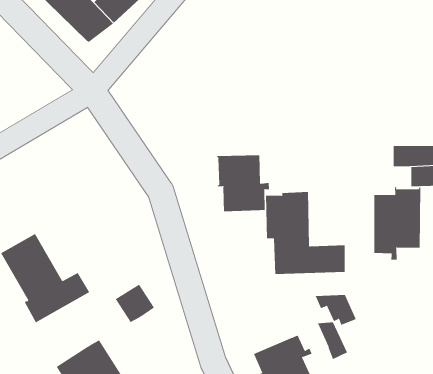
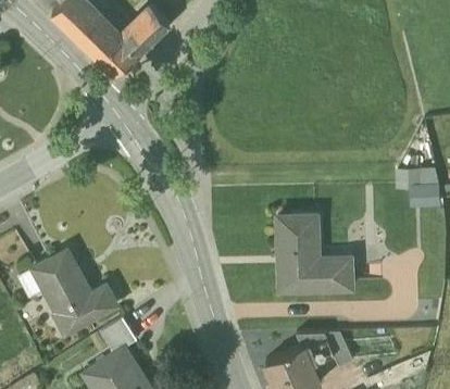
building: [216,155,270,212] -> none
building: [374,187,421,261] -> none
building: [115,284,155,323] -> [100,317,137,353]
building: [315,295,356,325] -> [296,332,334,361]

